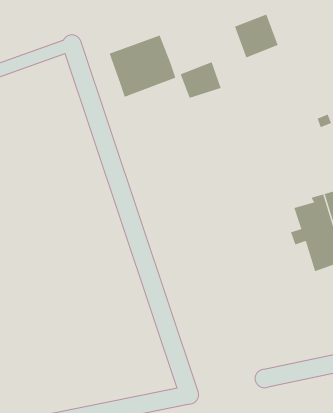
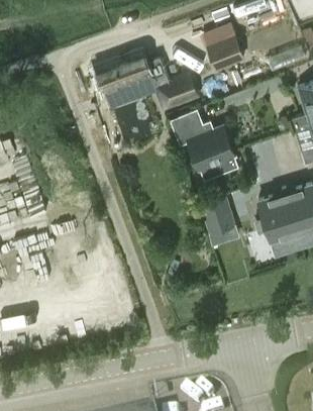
building: none -> [170,109,234,170]
building: none -> [202,199,232,232]

